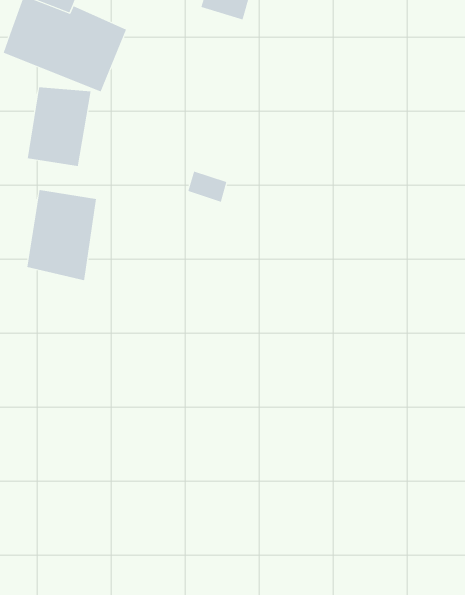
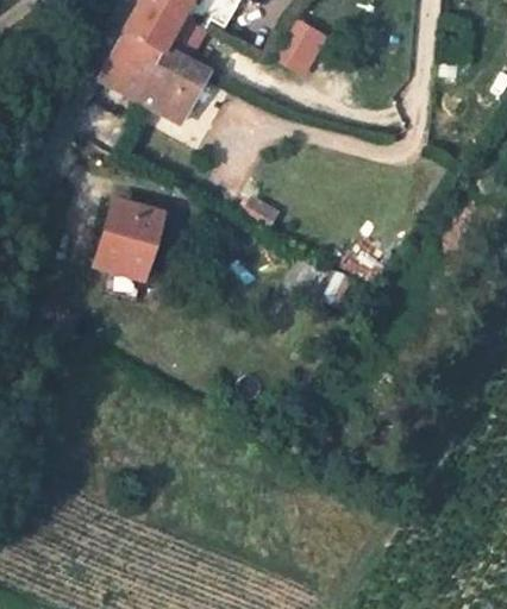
building: [27,86,91,167] -> none

